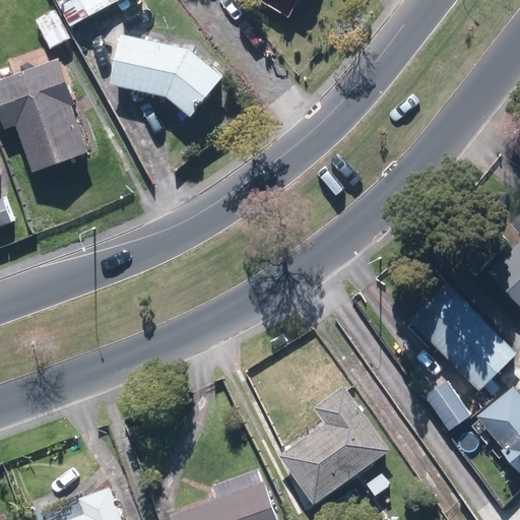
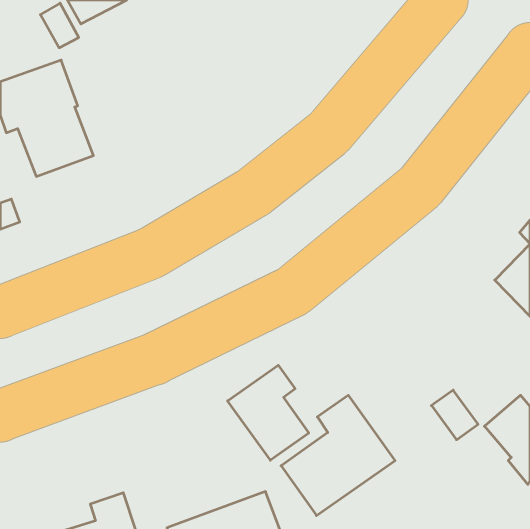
building: [120,31,235,114] -> none
building: [406,285,513,391] -> none
building: none -> [228,365,309,460]

